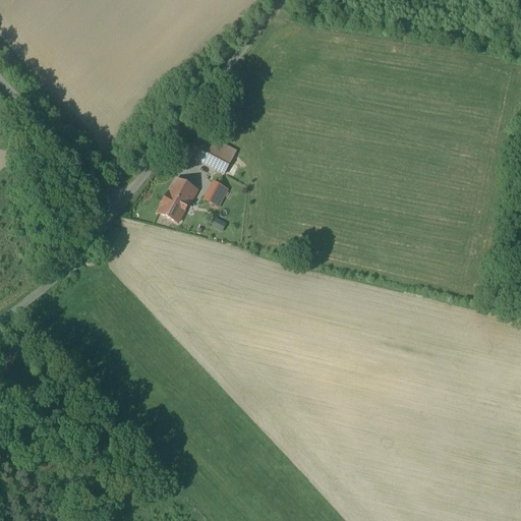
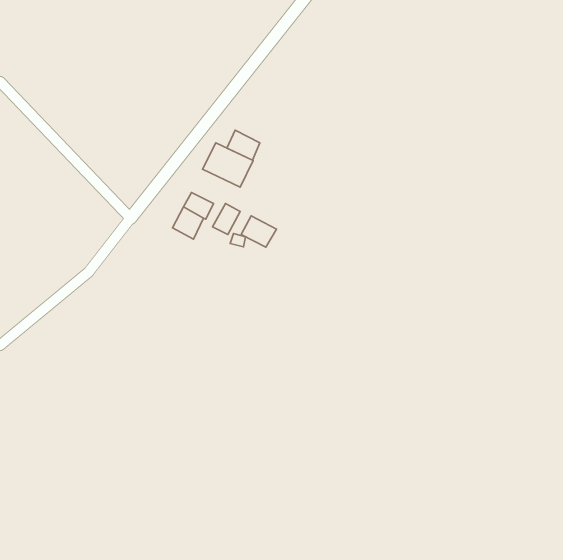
building: none -> [227,130,260,160]
building: none -> [241,216,277,247]

